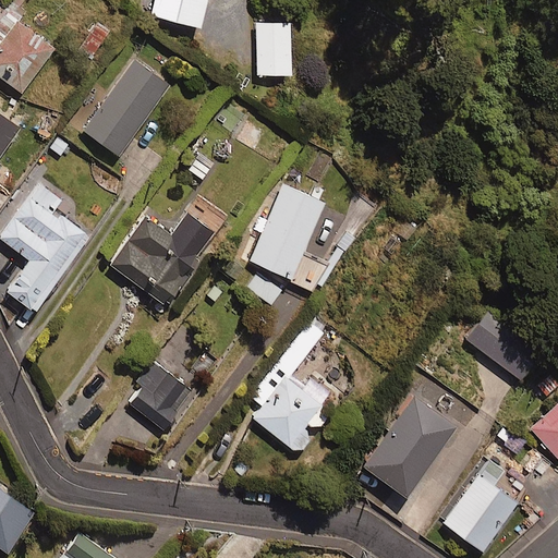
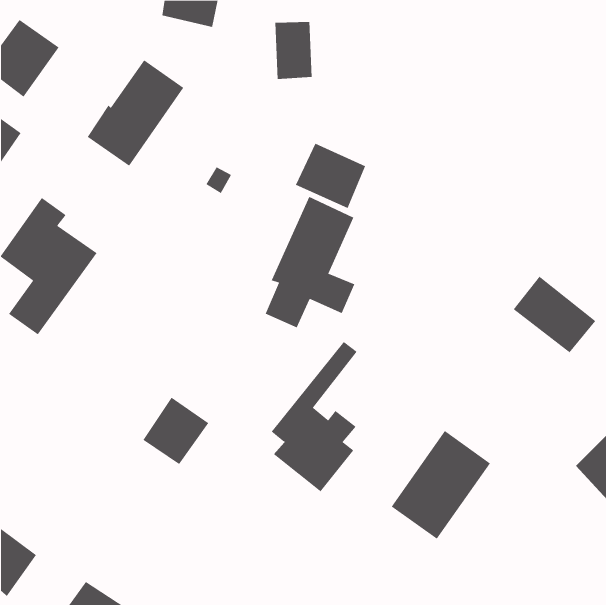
building: none -> [295,143,366,209]
building: [112,211,216,302] -> none
building: [464,310,541,380] -> [513,276,596,353]
building: [441,461,514,551] -> none

